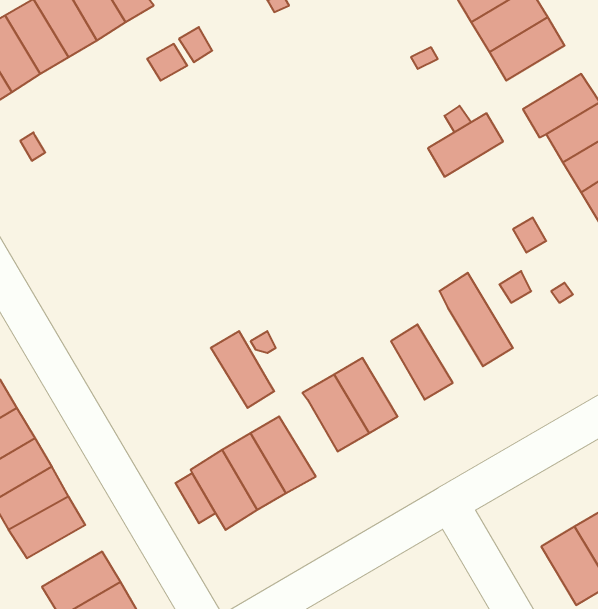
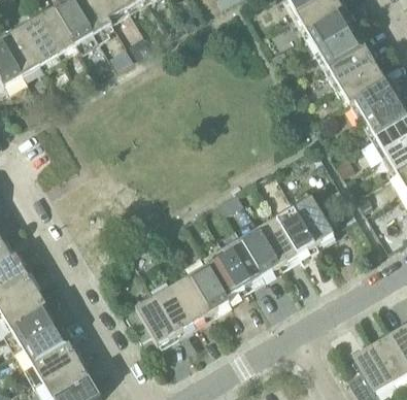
building: [428,113,503,177] -> [330,46,376,86]
building: none -> [275,208,315,255]
building: [211,331,274,408] -> [190,265,229,312]
building: none -> [241,229,279,275]
building: none -> [24,342,80,386]

